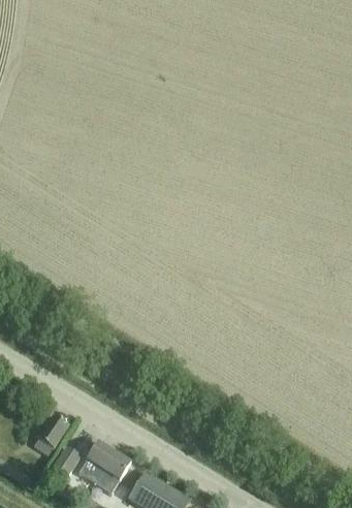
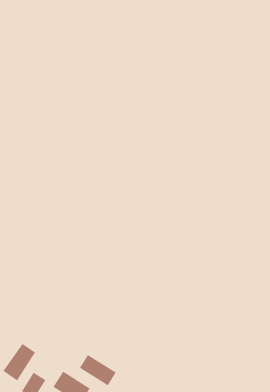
building: none -> [79,354,117,386]

